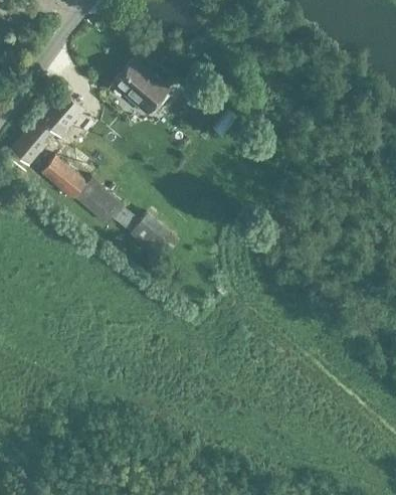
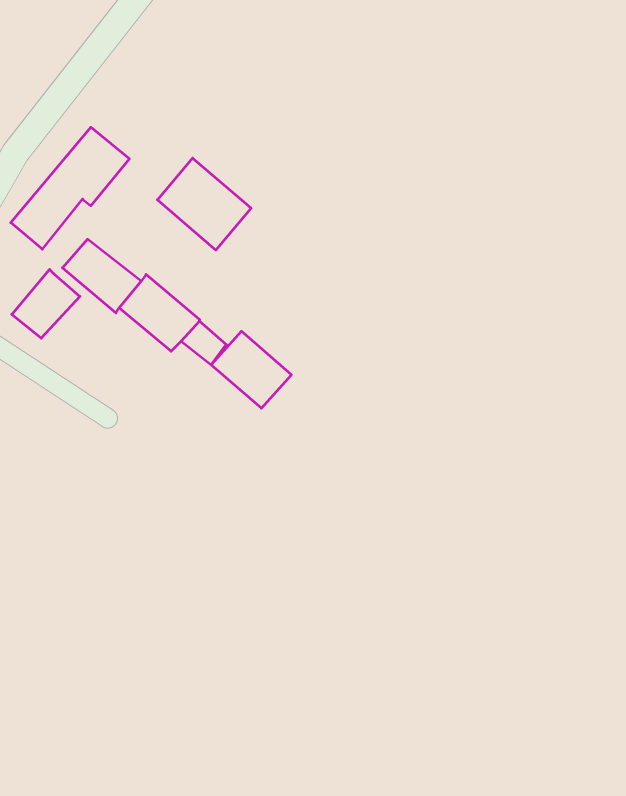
building: [116,61,172,117] -> [157,158,251,250]
building: none -> [12,269,80,338]

